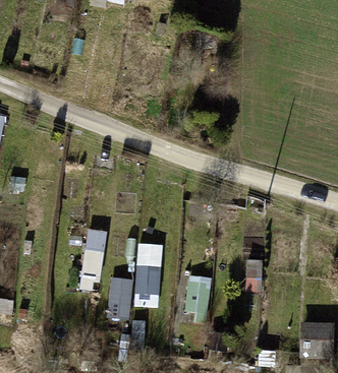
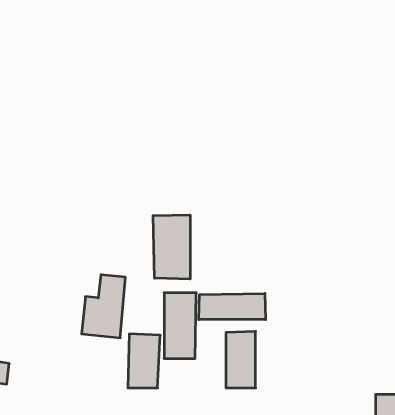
building: none -> [153,215,190,279]
building: none -> [199,293,266,320]

